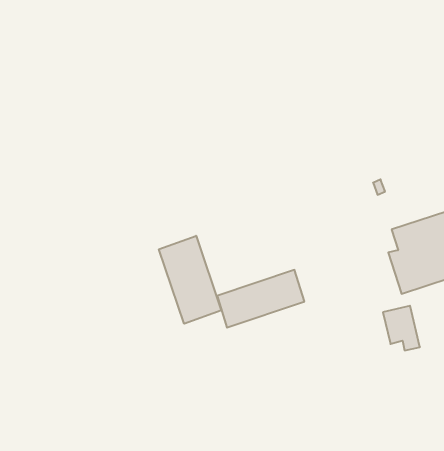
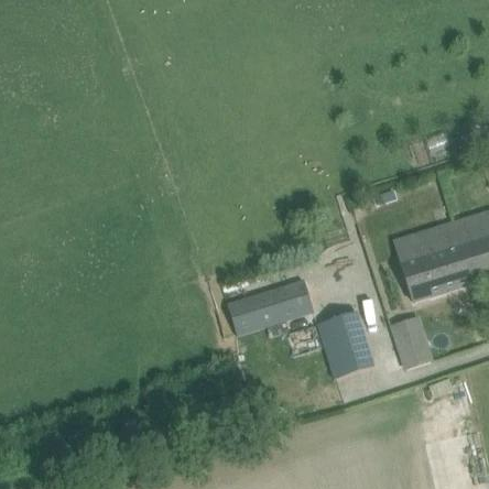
building: [159,236,221,324] -> none
building: none -> [315,312,374,378]

